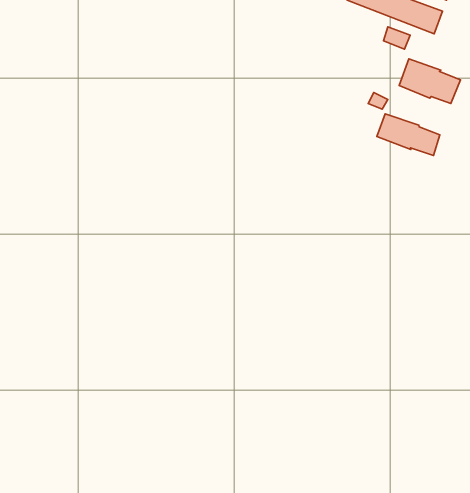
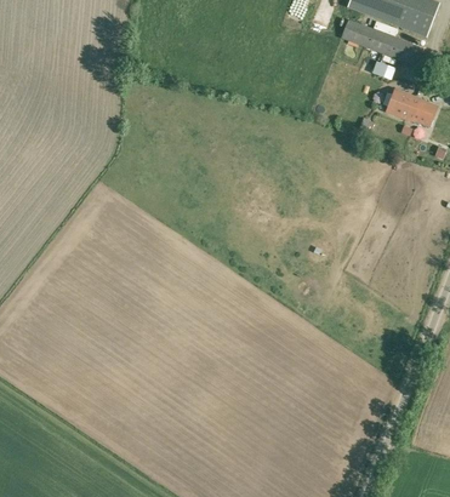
building: [377,114,440,156] -> none

